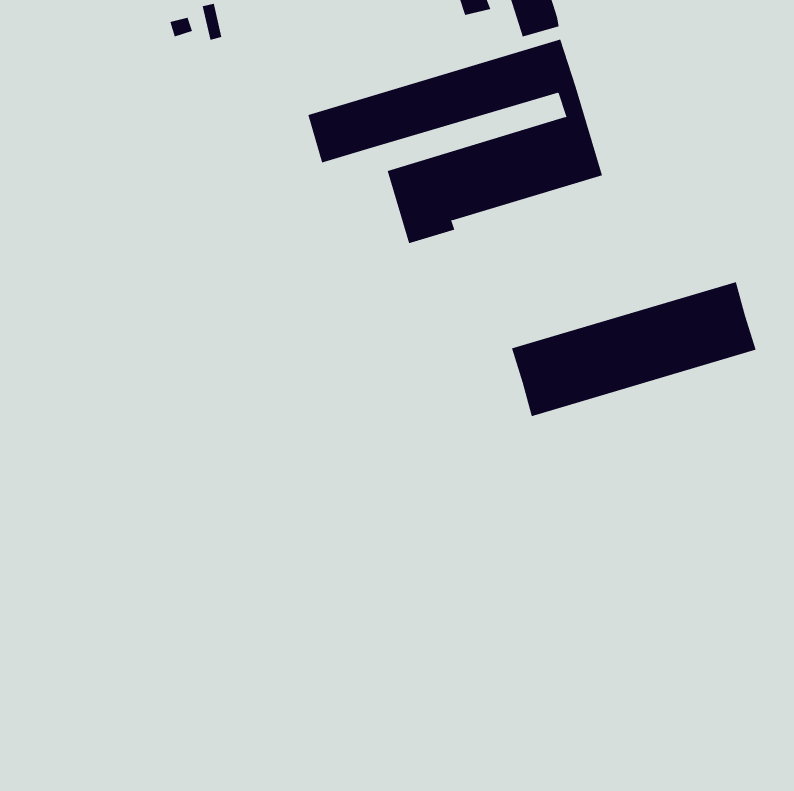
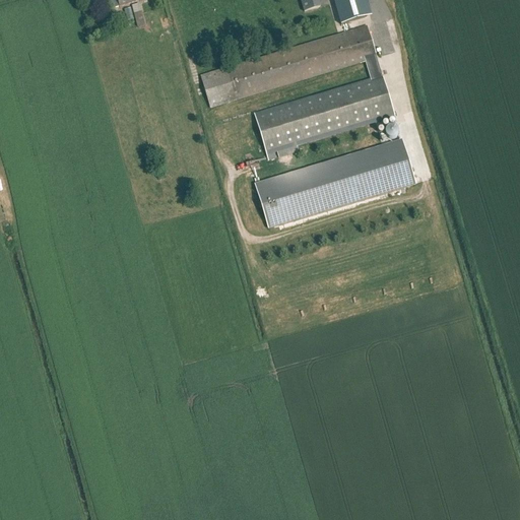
building: [511,281,757,417] -> [255,139,415,228]

